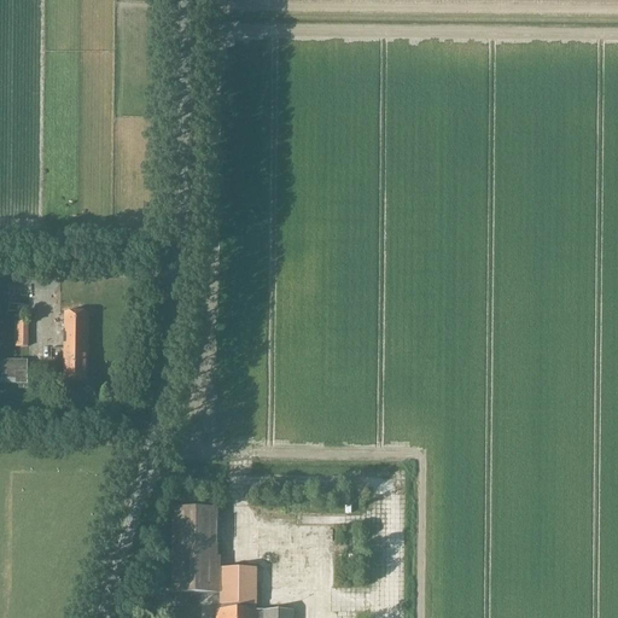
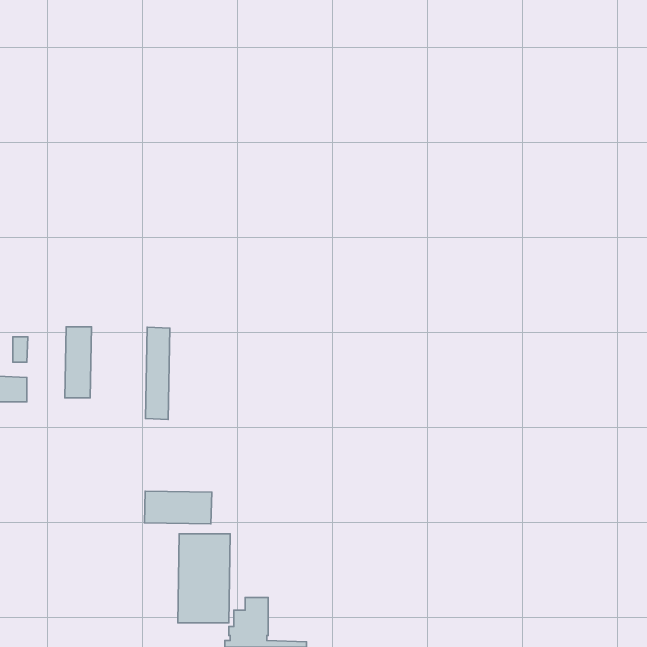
building: none -> [146,327,170,419]
building: none -> [144,491,212,524]

